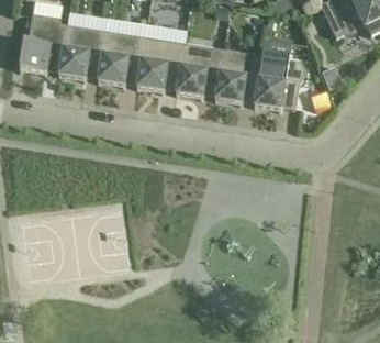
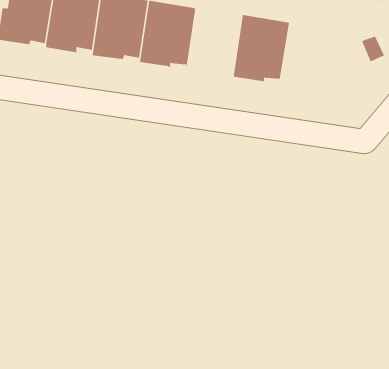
building: [176,42,222,99] -> none
building: [254,49,303,110] -> none

